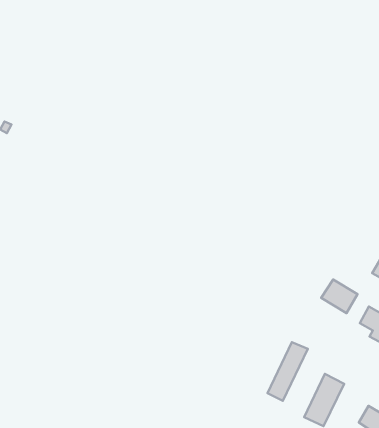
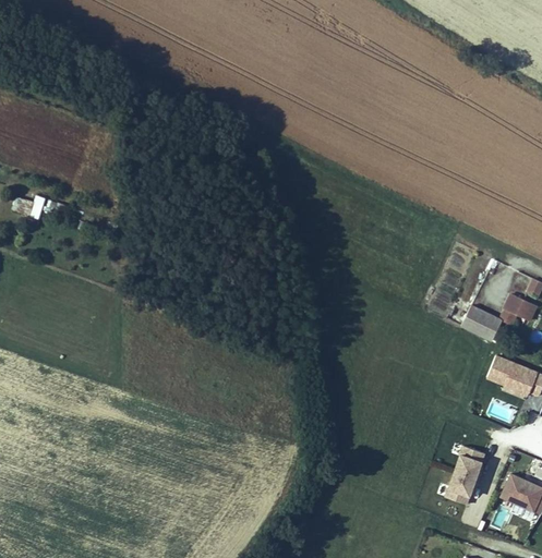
building: [321,280,357,313] -> [460,304,502,341]
building: [267,342,308,401] -> none

